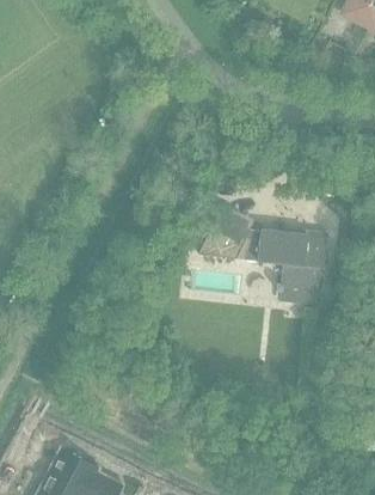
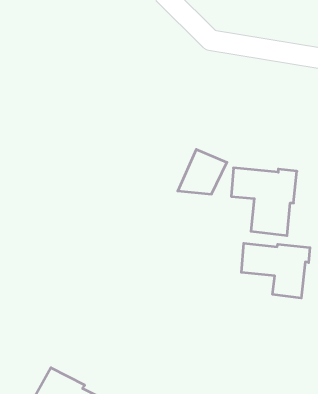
building: none -> [241,243,310,298]

